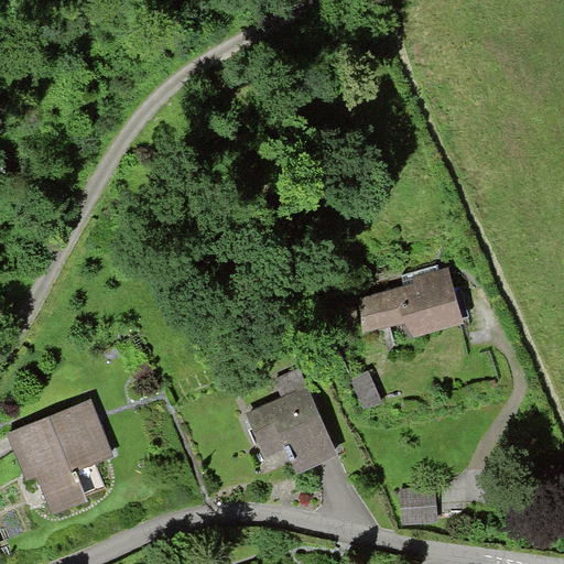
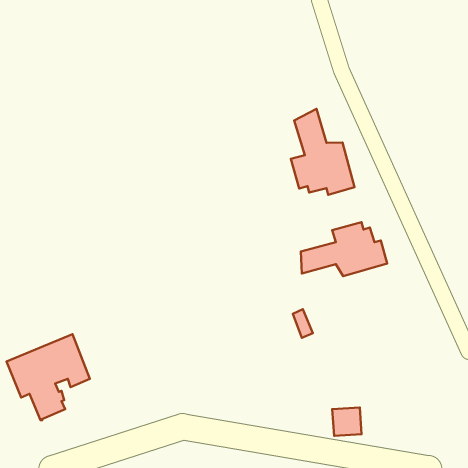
building: none -> [291,109,354,195]
building: [247,372,334,470] -> none

